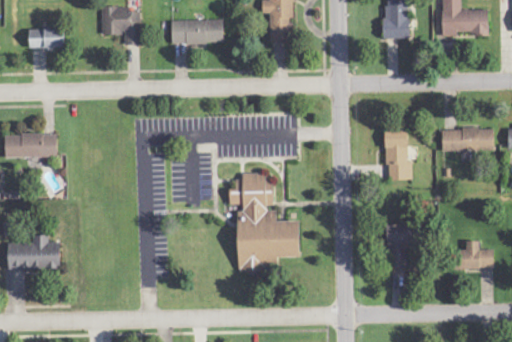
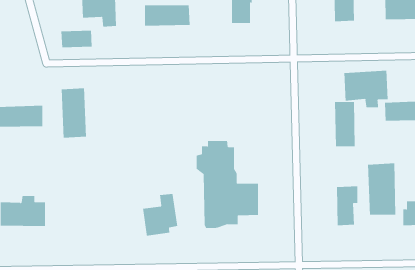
building: [28,28,64,48] -> [61,30,93,48]
building: none -> [344,70,388,108]
building: none -> [61,88,86,138]
building: none -> [367,163,396,216]
building: none -> [142,193,178,237]

